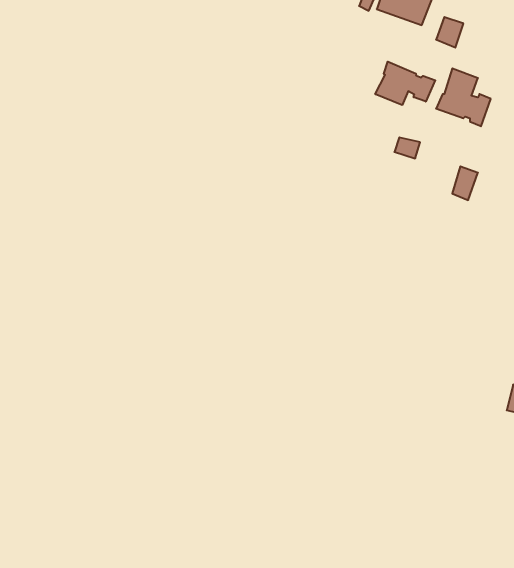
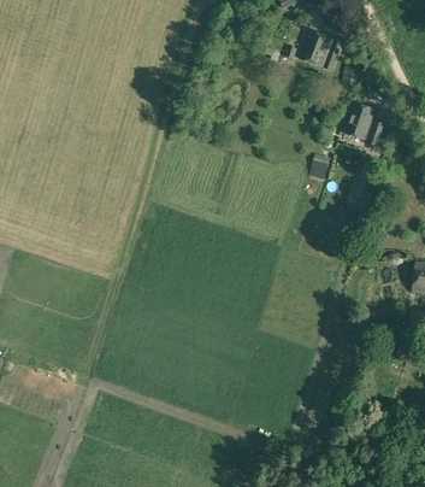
building: [375,62,435,105] -> none

